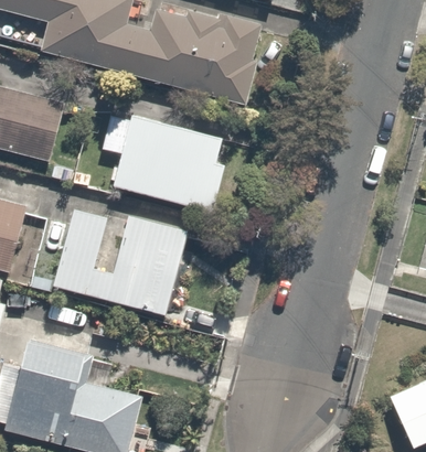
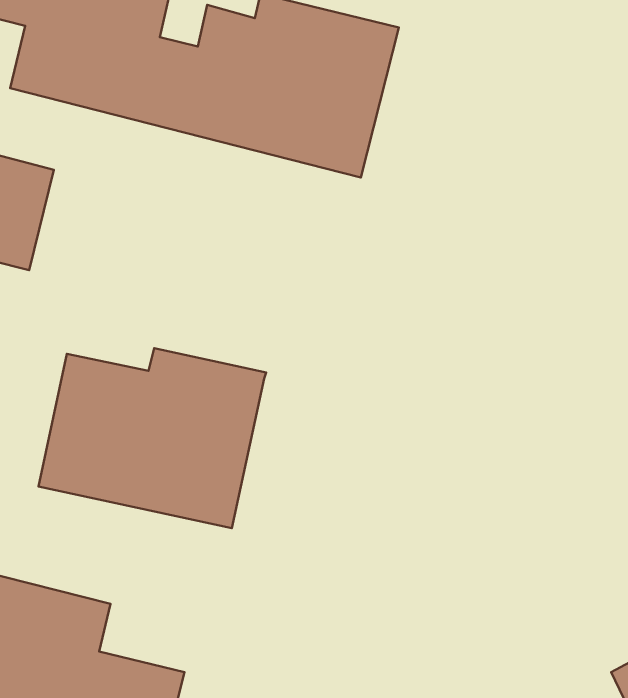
building: [98,110,224,207] -> none

